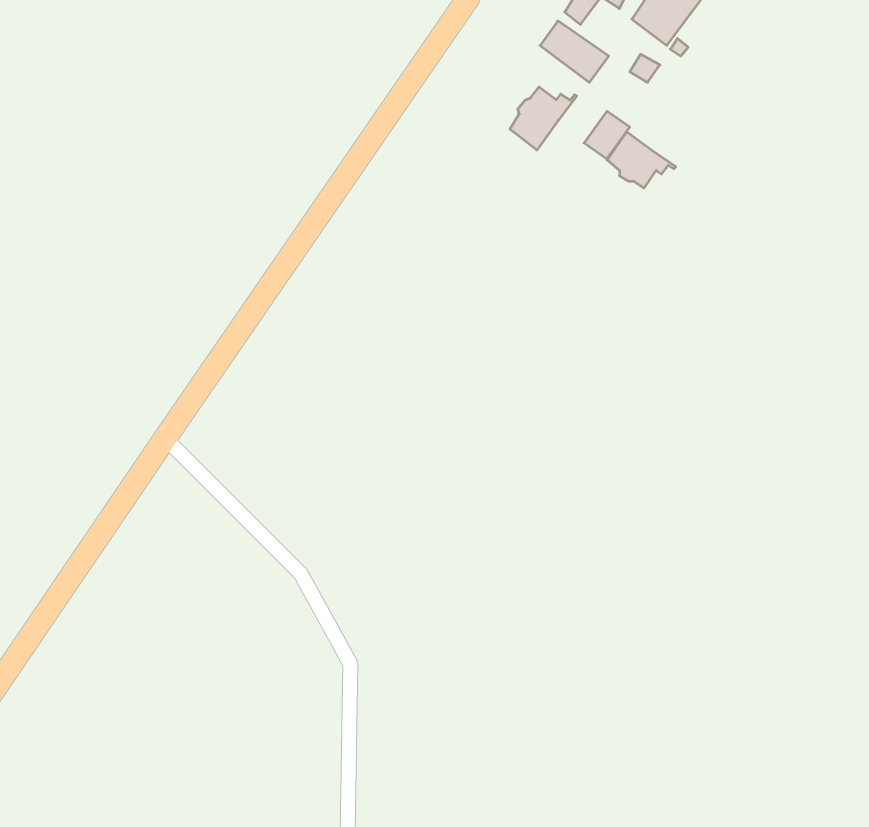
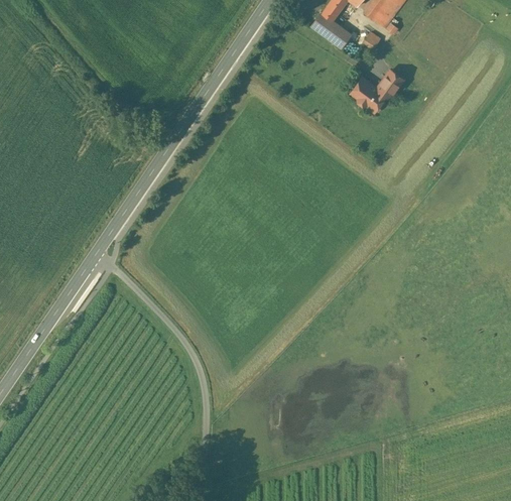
building: [510,87,577,150] -> none
building: [584,111,630,159] -> [377,70,403,97]

